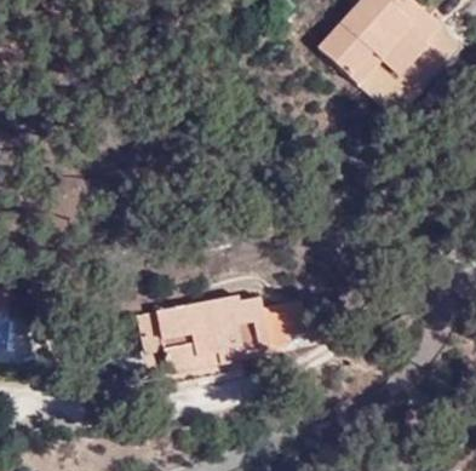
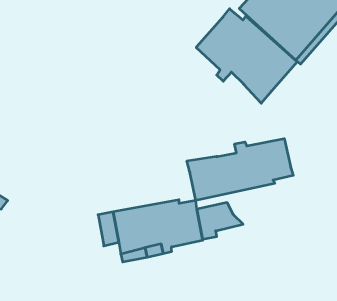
building: none -> [196,9,297,103]
building: none -> [187,139,293,201]

